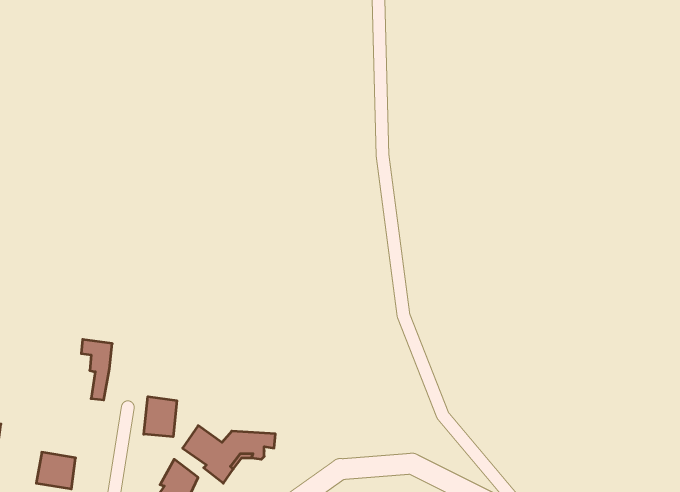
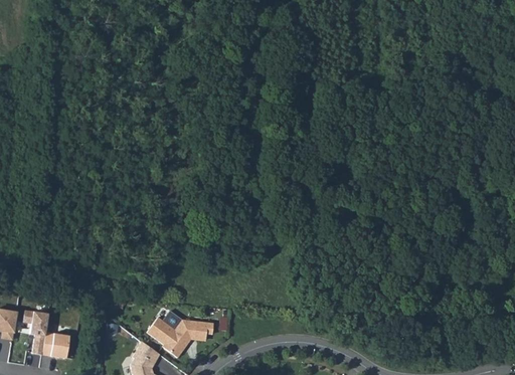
building: [81,339,112,400] -> [26,313,48,356]
building: [144,397,177,437] -> none

